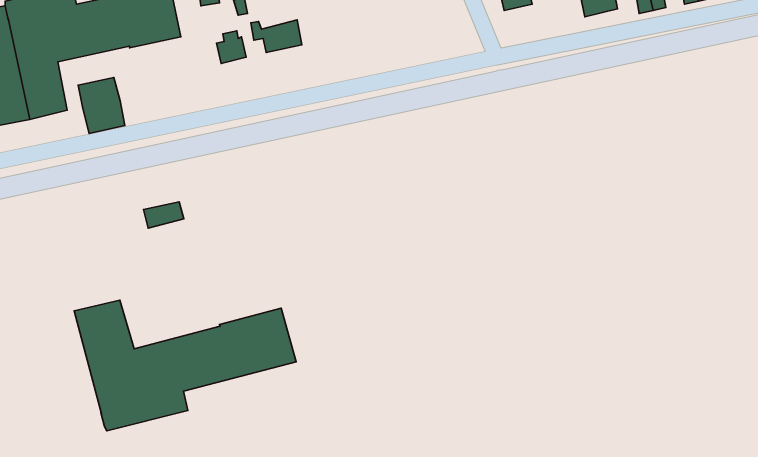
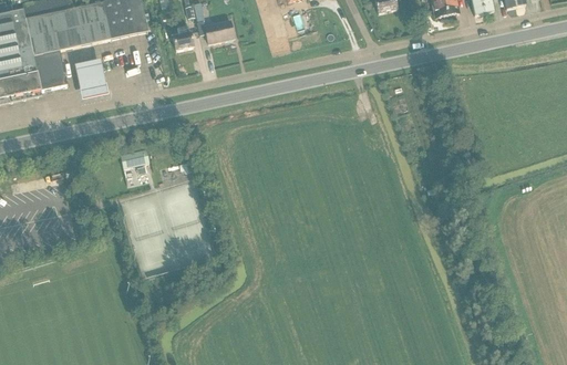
building: [74,300,296,431] -> none

